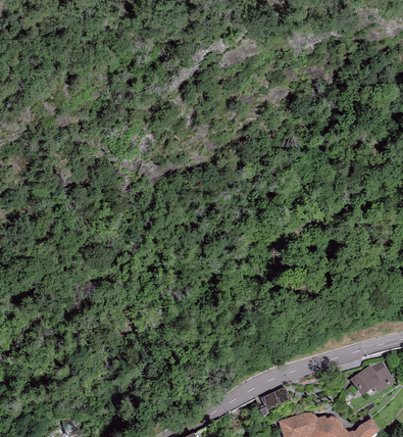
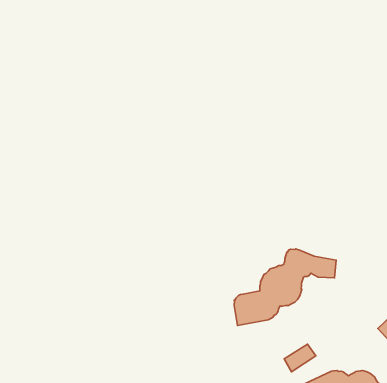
building: none -> [234,249,336,325]

